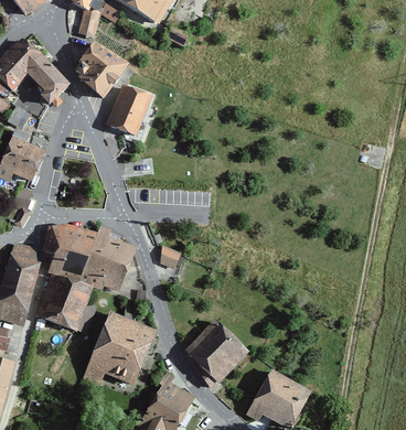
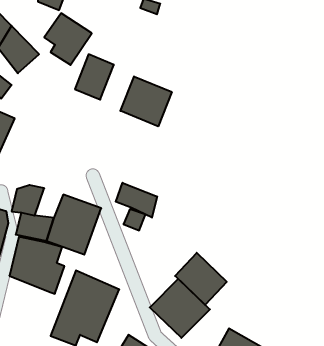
building: none -> [120,76,172,126]
building: none -> [116,183,157,218]
building: [66,225,96,256] -> none
building: none -> [175,253,227,305]

